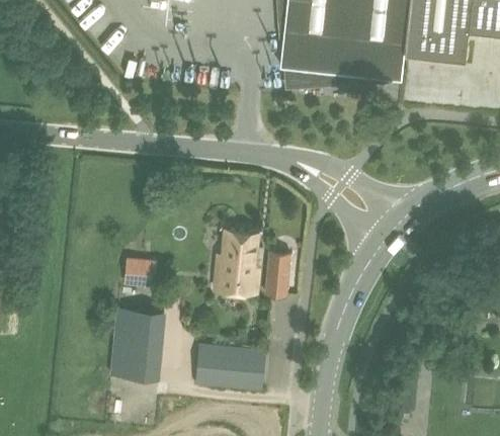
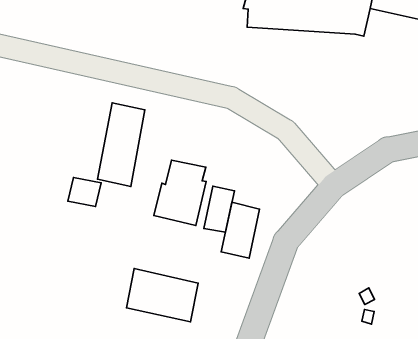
building: none -> [97,103,145,187]
building: none -> [221,202,259,258]
building: [110,307,167,378] -> none

